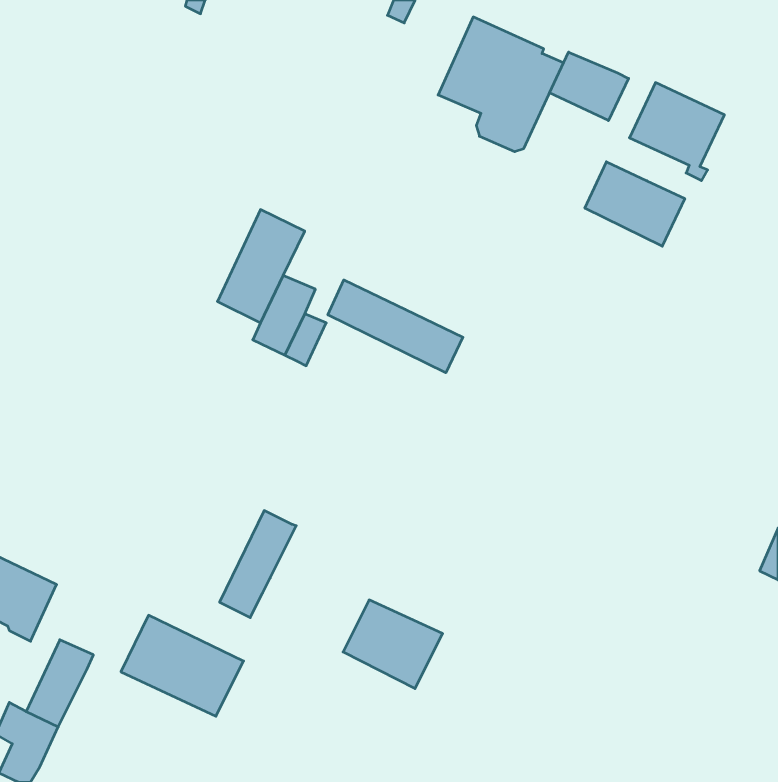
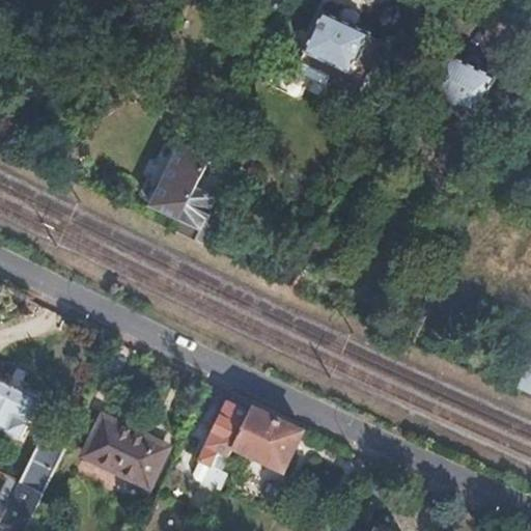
building: [550,52,629,121] -> none
building: [585,162,685,246] -> none
building: [328,280,463,373] -> none
building: [220,511,296,618] -> [198,396,250,469]

